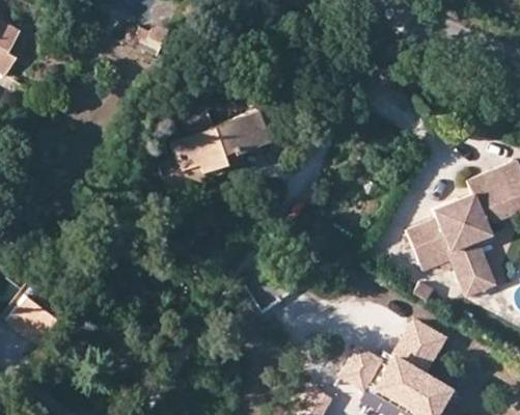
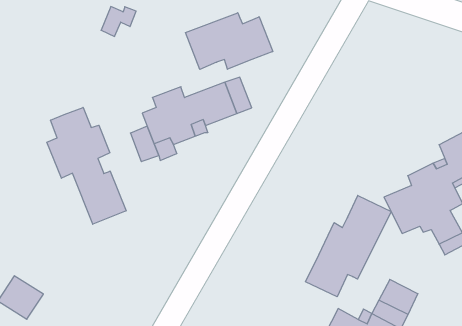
building: none -> [186,13,273,69]
building: none -> [47,107,126,224]
building: none -> [305,195,391,297]

